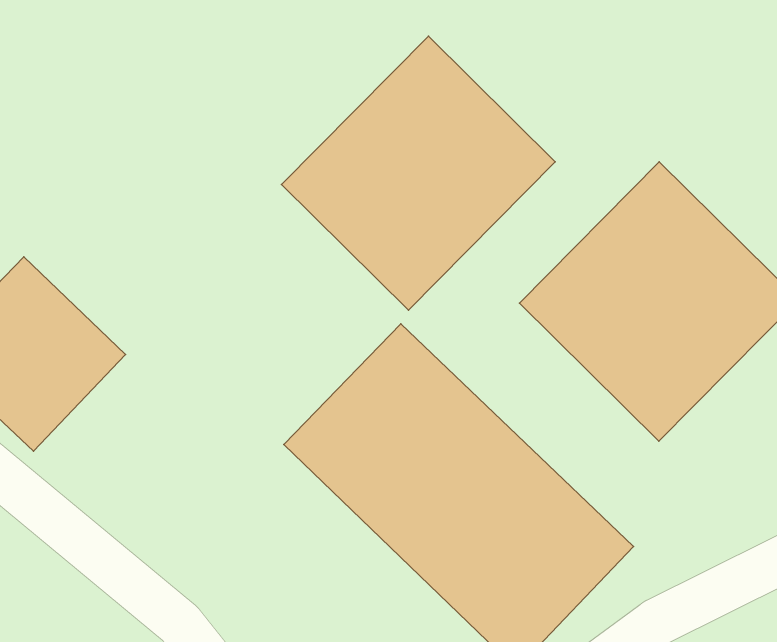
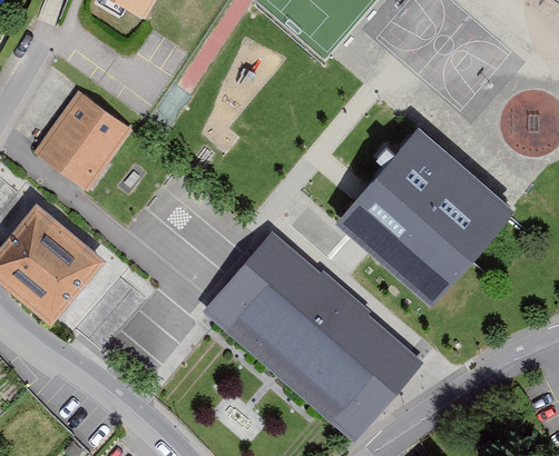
building: [282,36,555,310] -> none
building: none -> [35,93,130,190]

